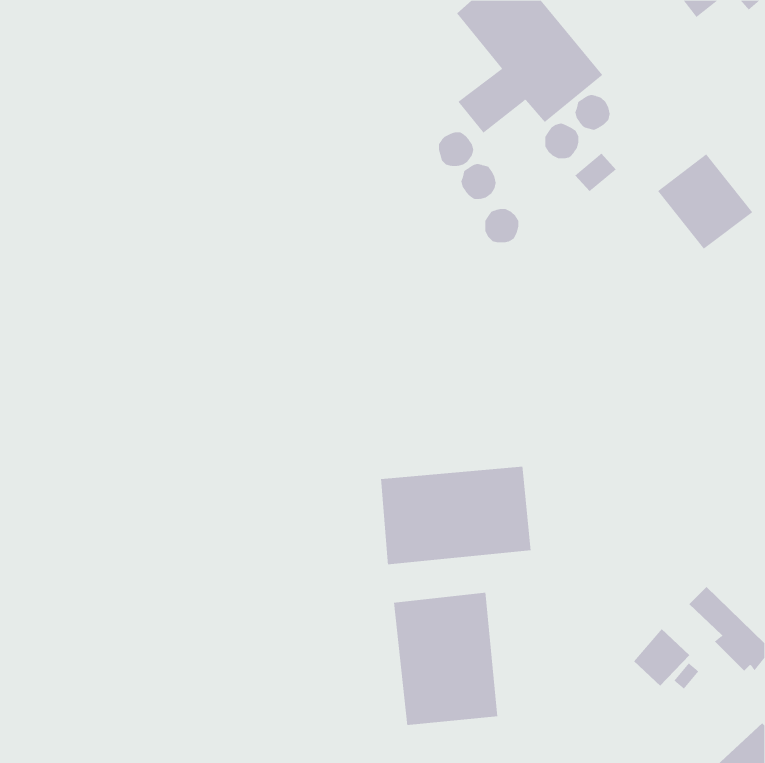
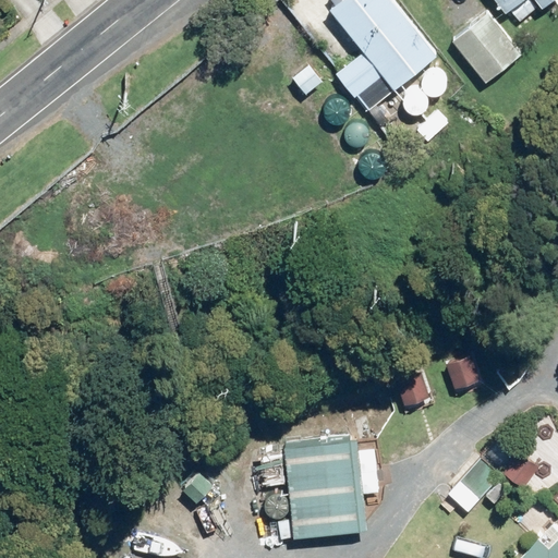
building: [657,154,753,249] -> [453,14,523,84]
building: [381,466,531,565] -> none

